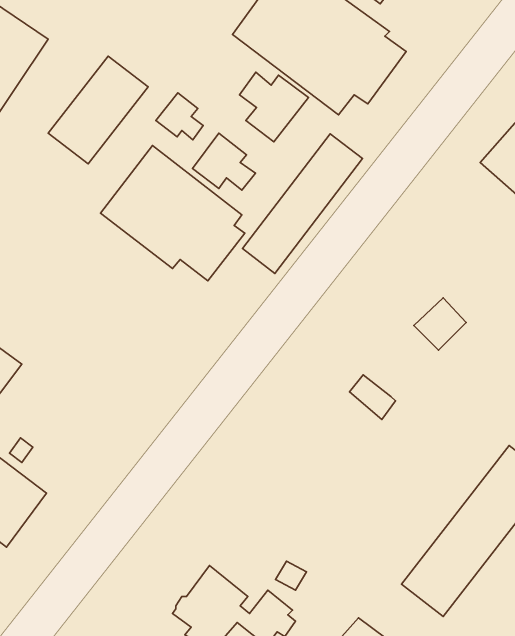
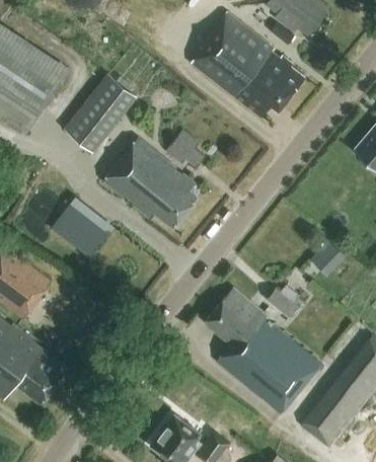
building: [239,72,309,142] -> none
building: [156,93,203,140] -> none
building: [243,134,362,273] -> none
building: none -> [50,194,115,255]
building: none -> [205,288,320,413]

